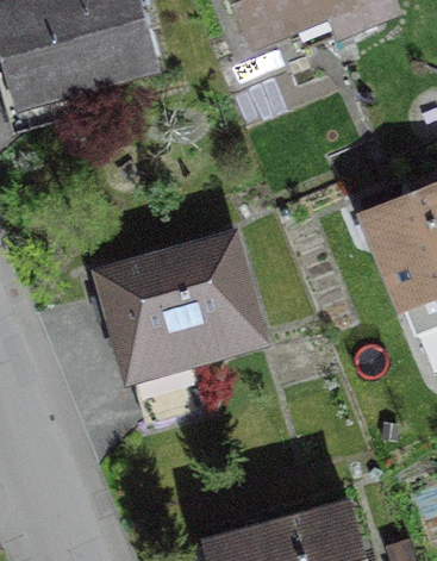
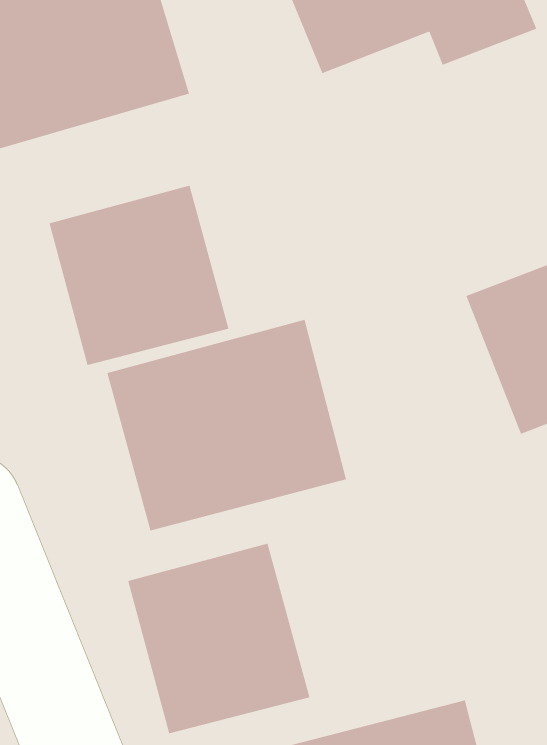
building: none -> [49,185,229,366]
building: none -> [128,543,310,734]

